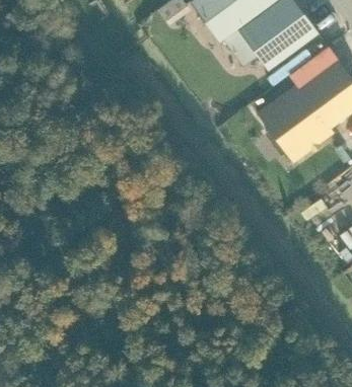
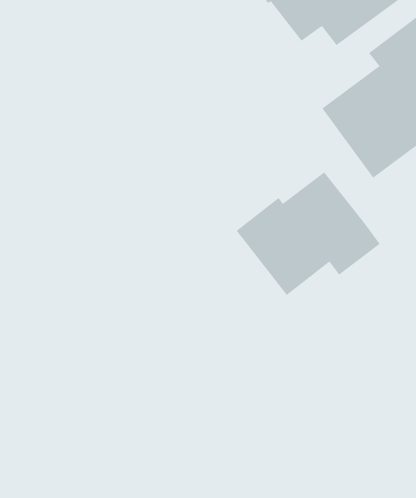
building: none -> [236,172,380,296]

